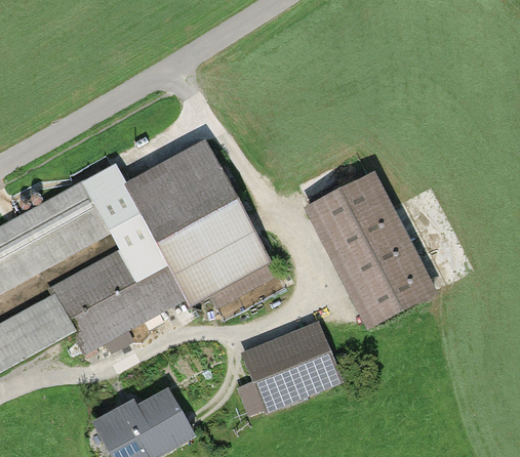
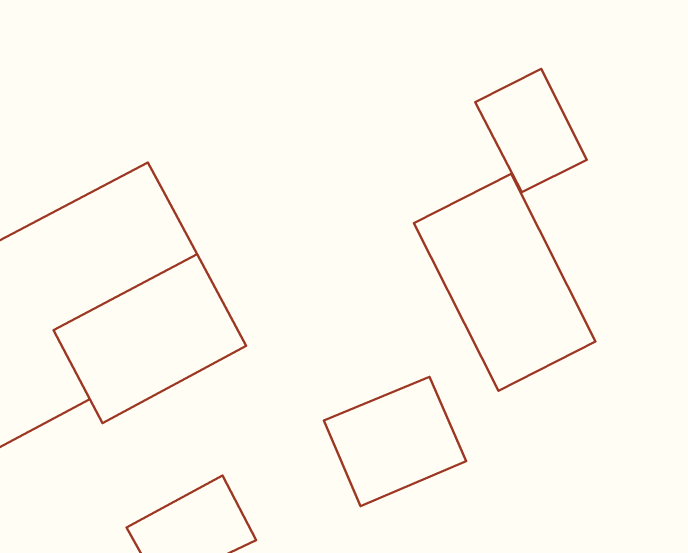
building: none -> [475,69,587,192]
building: [122,139,272,306] -> none

